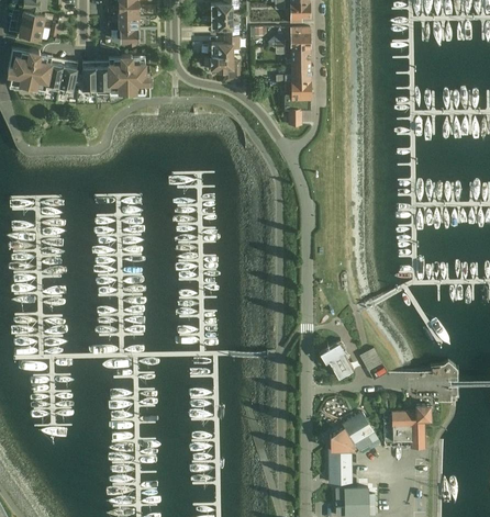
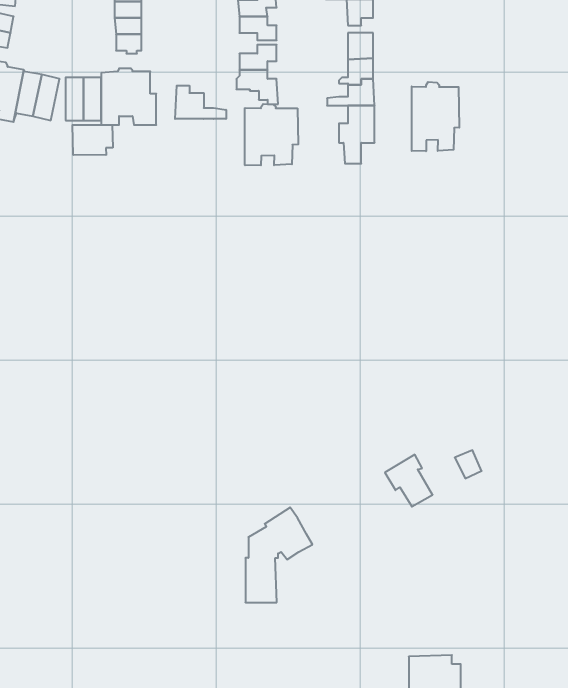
building: none -> [412,82,459,151]
building: none -> [175,86,226,119]
building: none -> [245,104,298,165]
building: none -> [72,125,113,155]
building: [382,404,428,446] -> none
building: [327,412,377,482] -> [245,507,312,602]

